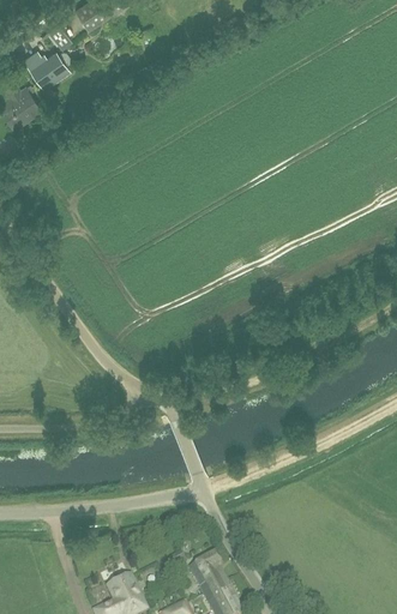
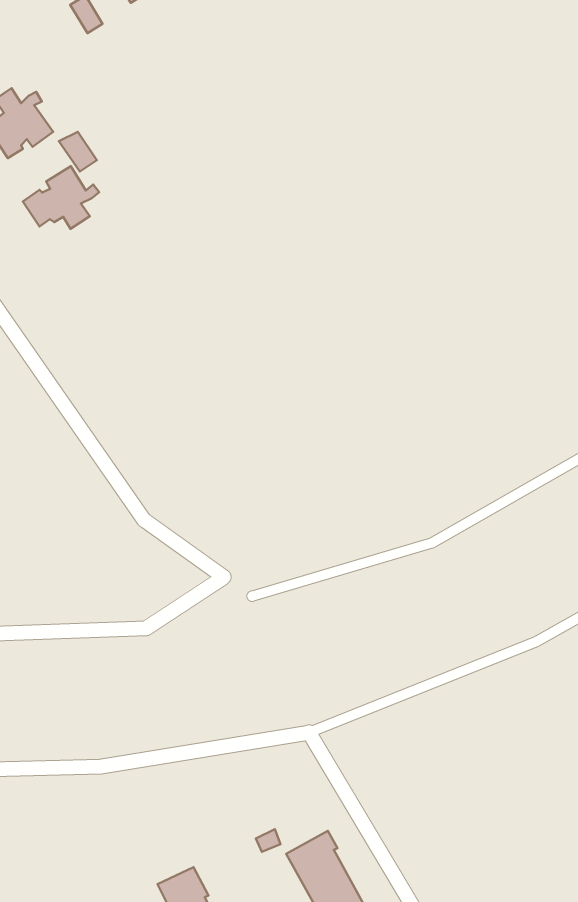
building: [22,53,70,95] -> none
building: none -> [23,166,99,229]

